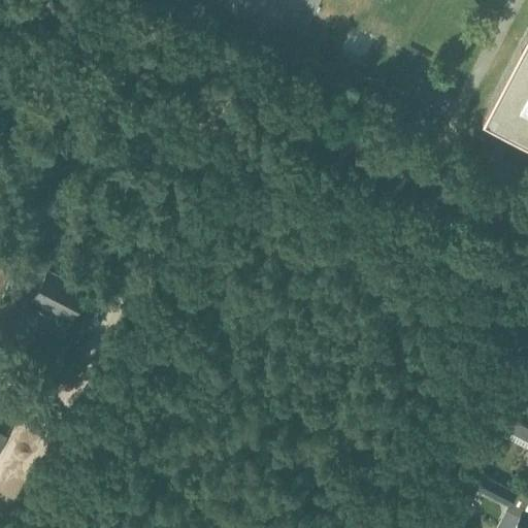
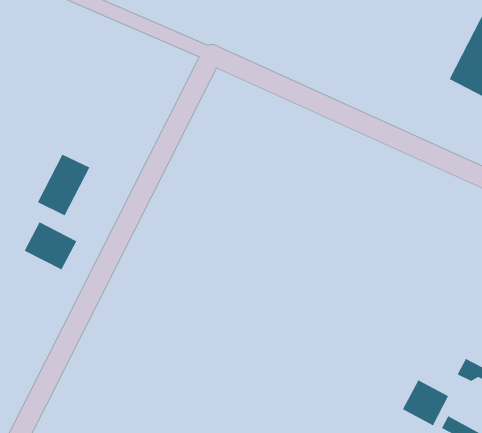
building: none -> [37,154,90,216]
building: none -> [402,379,449,426]

